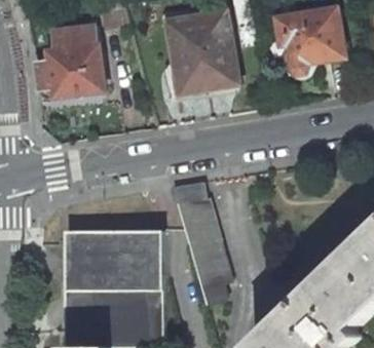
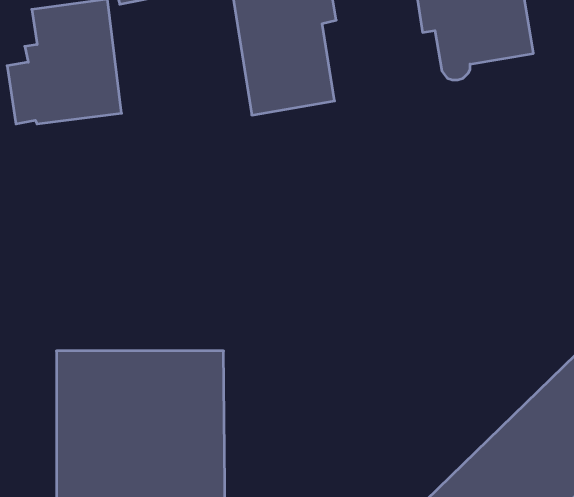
building: [170,180,227,302] -> none

